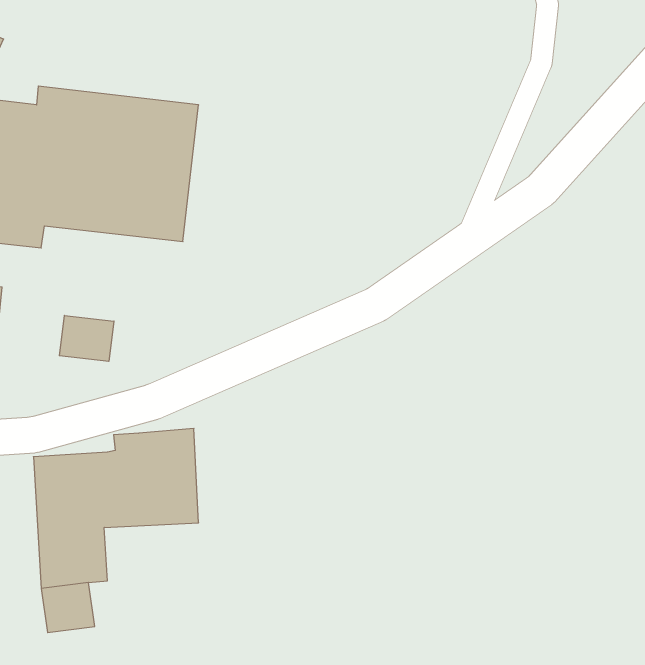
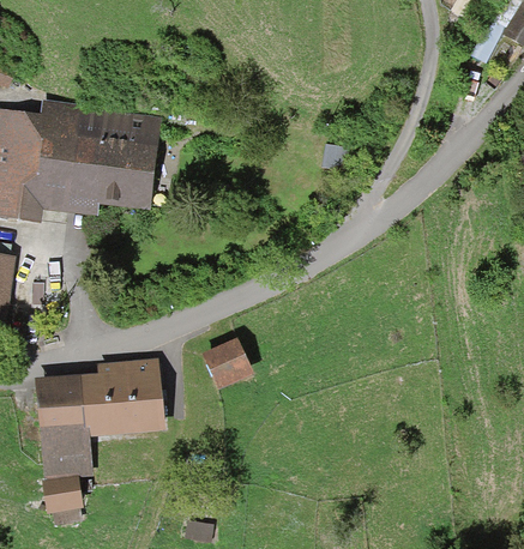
building: [59,315,114,361] -> none
building: none -> [203,340,253,392]

